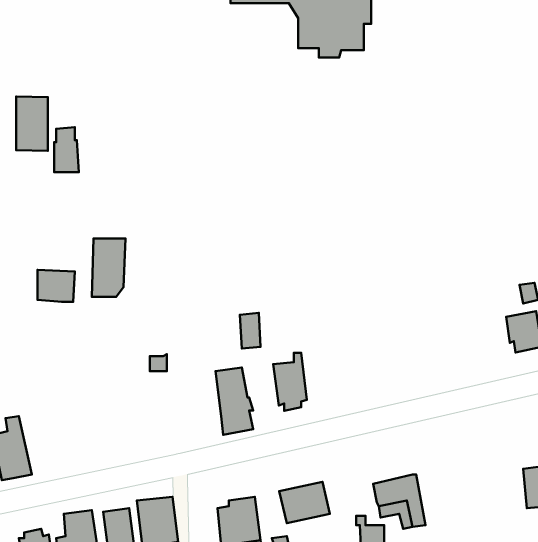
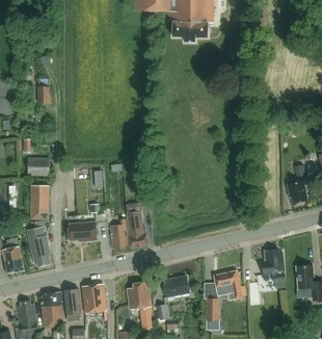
building: [16,96,48,151] -> none
building: [92,239,125,297] -> [28,186,47,218]
building: [273,353,307,411] -> [109,219,128,252]
building: none -> [68,225,97,244]
building: none -> [27,228,50,267]
building: none -> [262,250,285,287]

